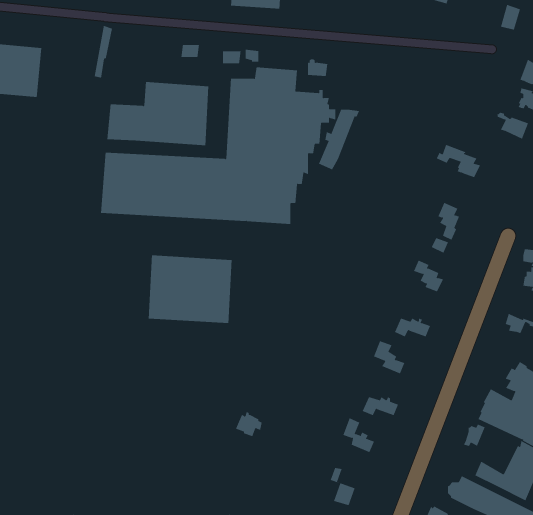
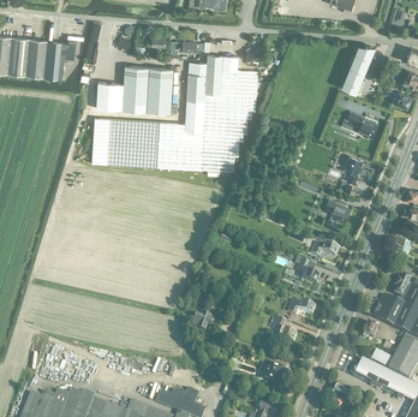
building: none -> [43,40,76,79]
building: [318,109,360,170] -> [341,46,372,91]
building: [148,255,232,324] -> none

